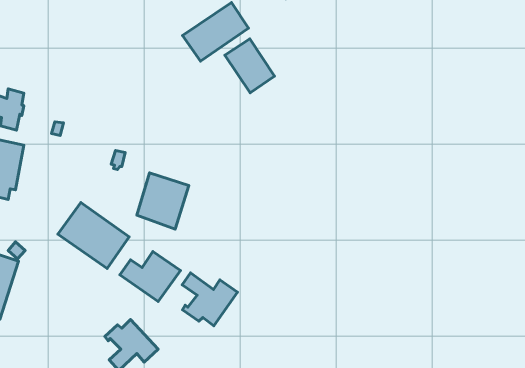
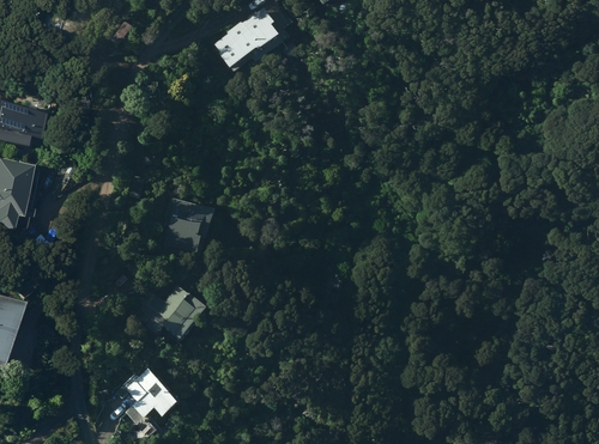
building: [225,39,275,93] -> none
building: [58,202,129,269] -> none
building: [182,273,238,326] -> none

